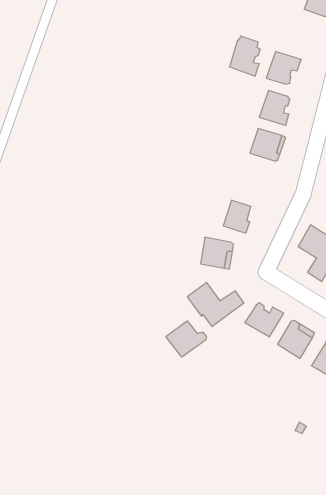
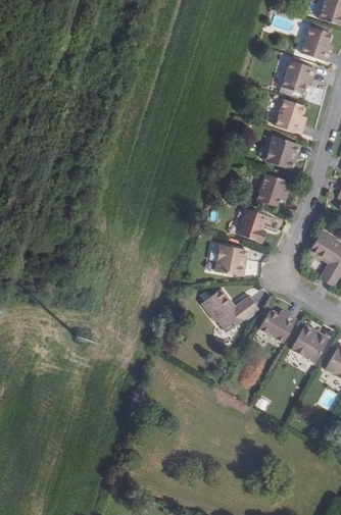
building: [229,36,260,76] -> [299,20,330,60]
building: none -> [253,171,284,207]
building: [166,321,206,357] -> none

